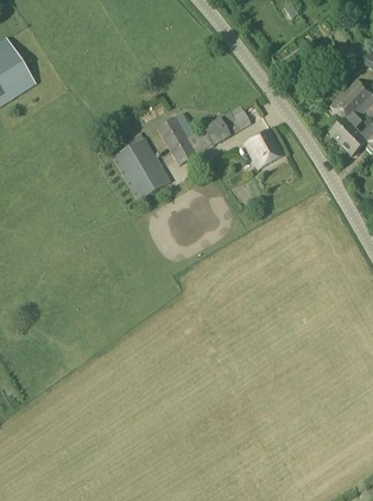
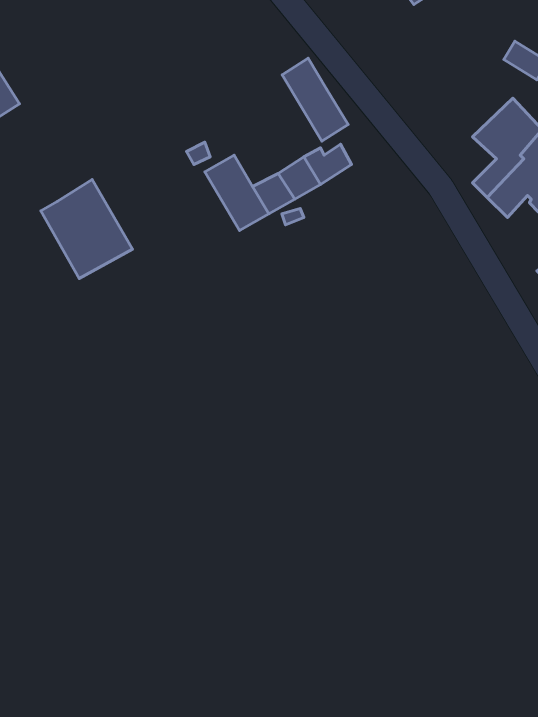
building: none -> [282,58,348,141]
building: [244,127,283,167] -> none
building: [112,135,171,199] -> [41,179,132,279]

